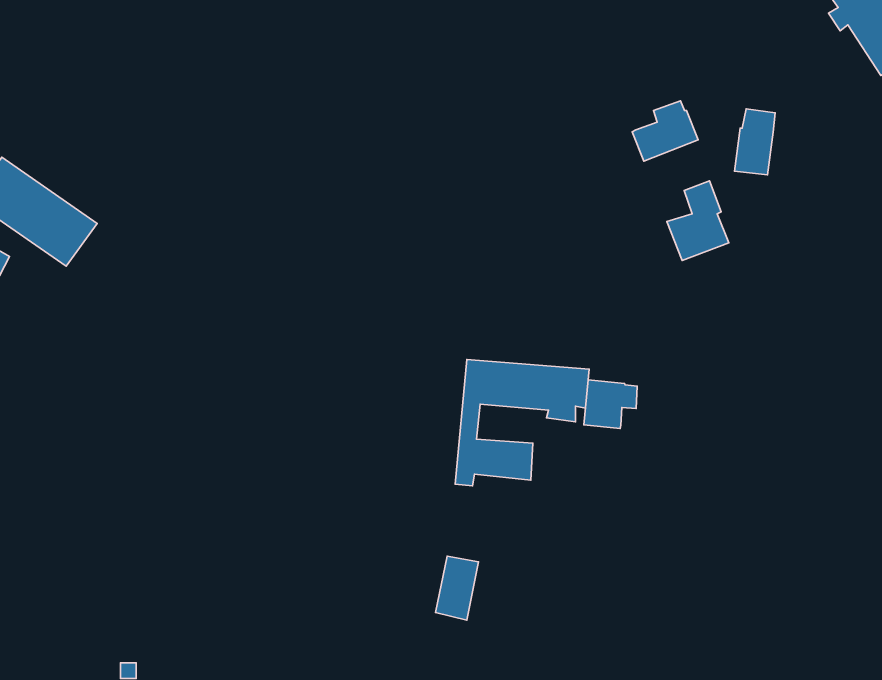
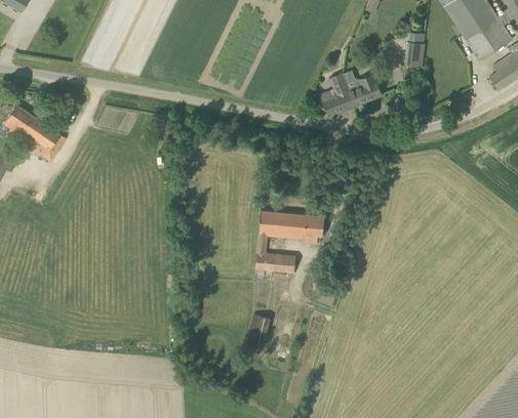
building: [734,109,775,175] -> [405,31,427,66]
building: [667,181,729,260] -> [322,73,355,115]
building: [584,380,637,428] -> none

